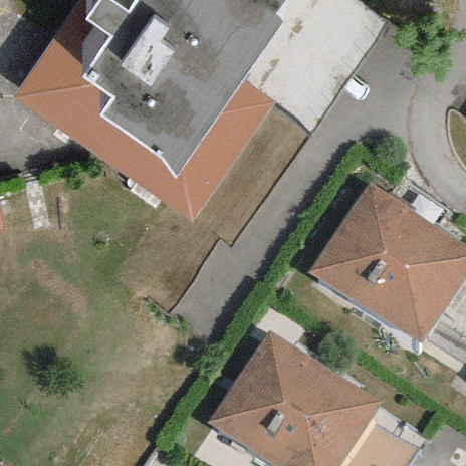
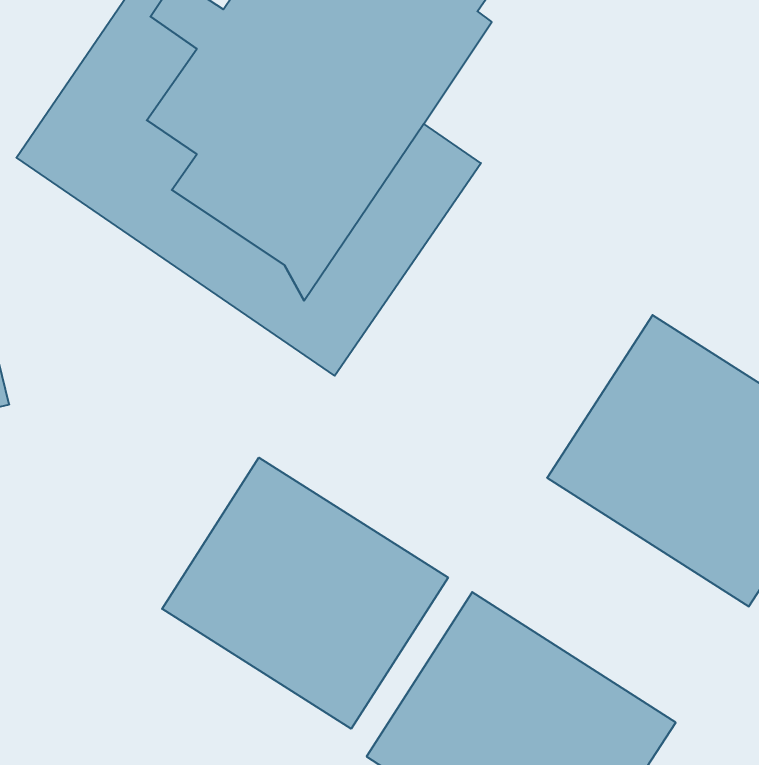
building: none -> [162,458,448,729]

